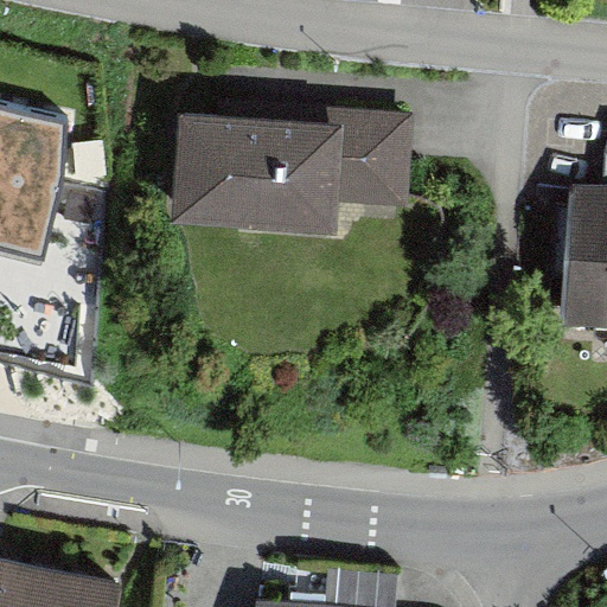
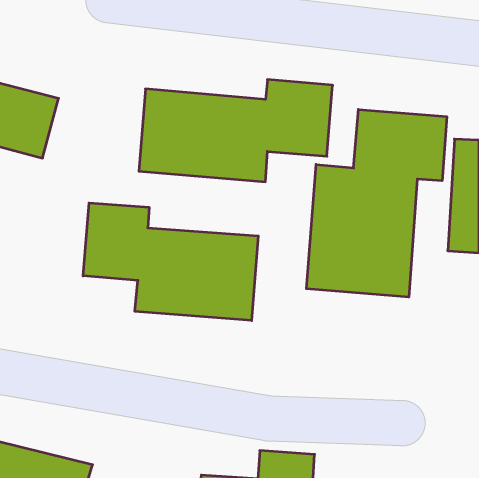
building: none -> [306,109,447,297]
building: none -> [83,203,258,321]

